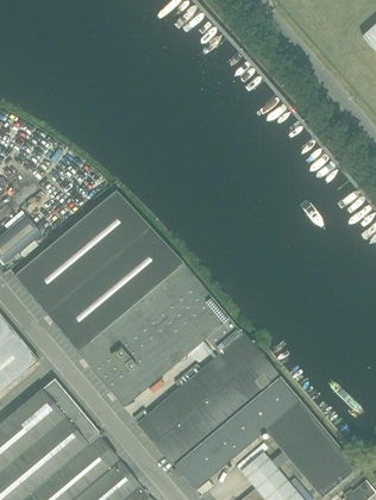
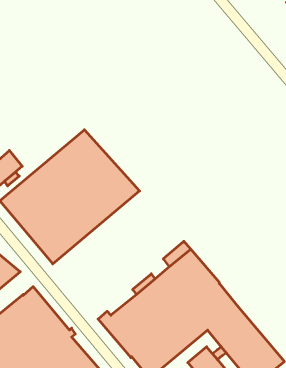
building: [79,263,230,406] -> none

